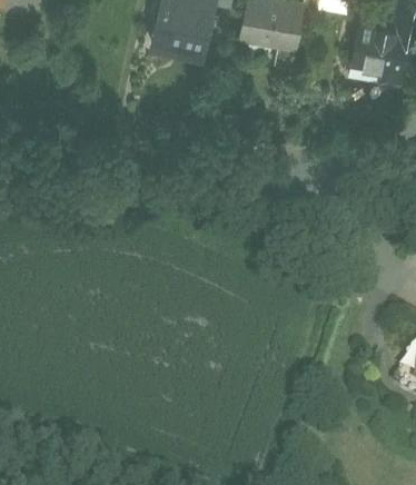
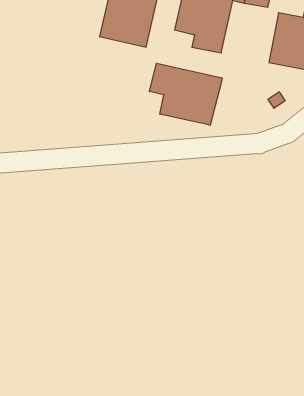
building: none -> [149,63,222,125]

